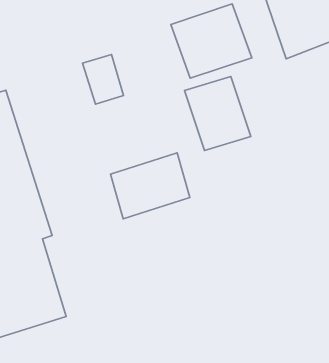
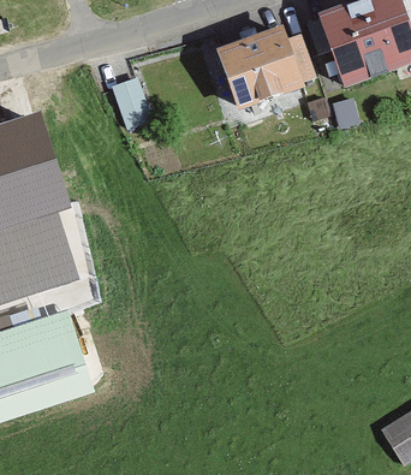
building: [185,76,251,150] -> none
building: [110,153,190,219] -> none

